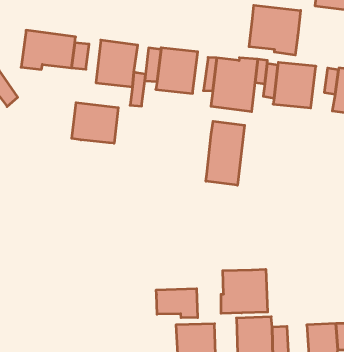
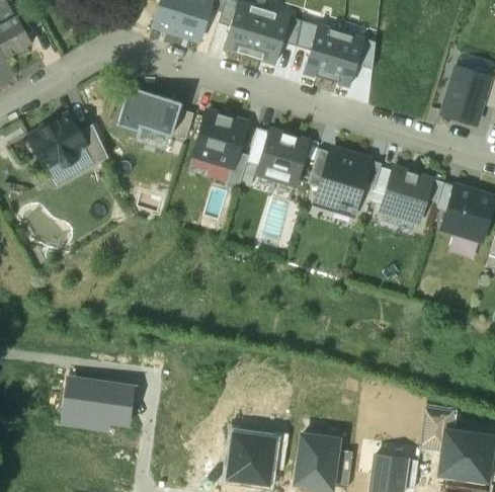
building: [249,5,301,55] -> none
building: [72,103,118,143] -> none
building: [206,121,245,185] -> none
building: [221,269,268,313] -> none
building: [156,289,198,318] -> none
building: none -> [61,378,133,427]

